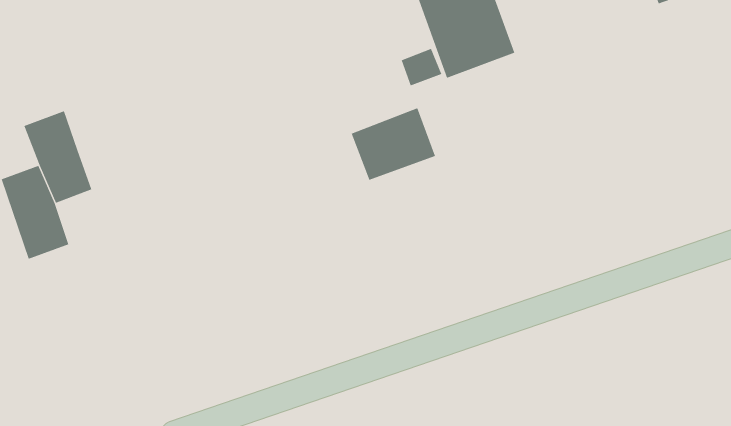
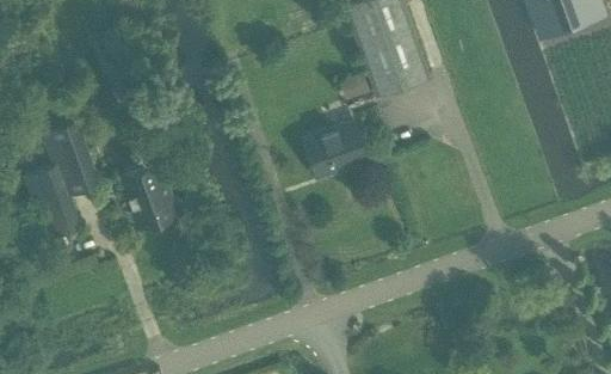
building: none -> [121,163,178,232]

